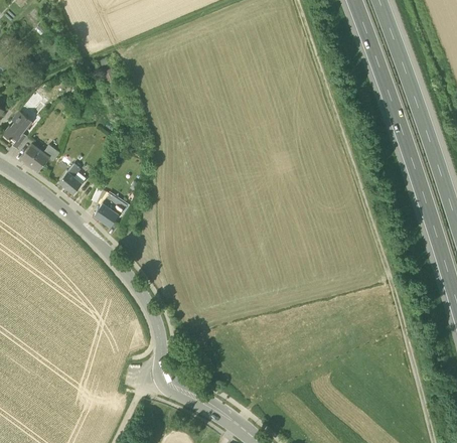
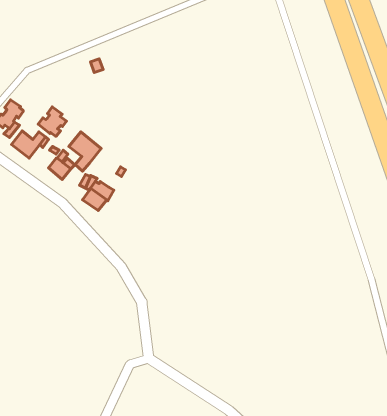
building: none -> [38,107,67,136]
building: none -> [69,132,101,171]

